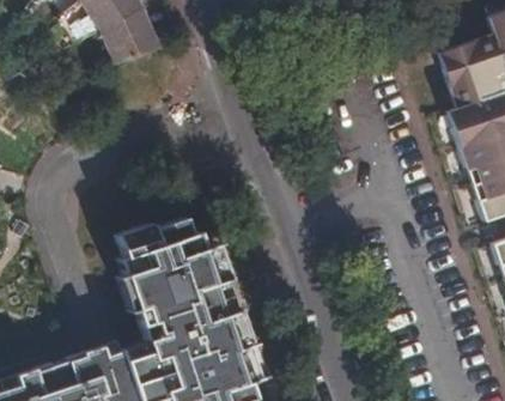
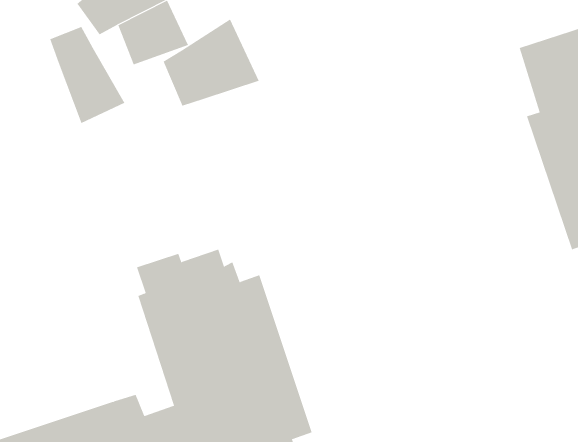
building: none -> [163,19,260,106]
building: none -> [49,26,125,124]

